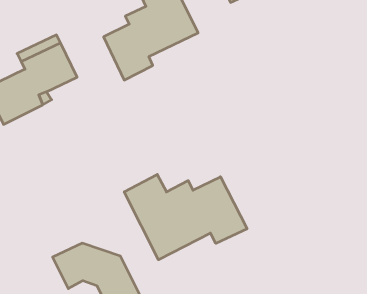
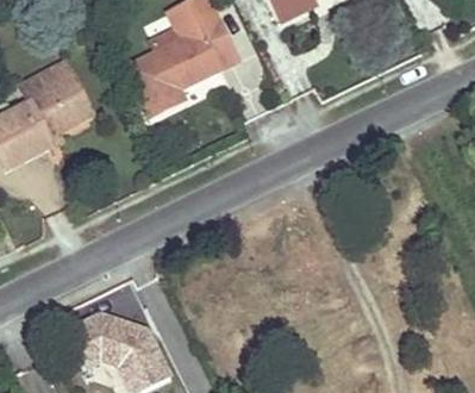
building: [124,174,247,260] -> none

